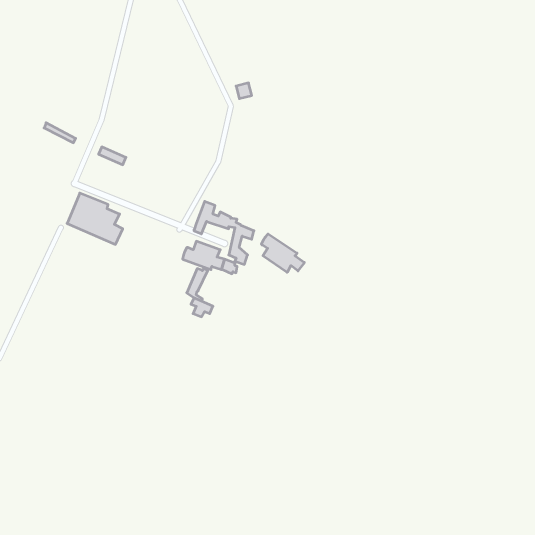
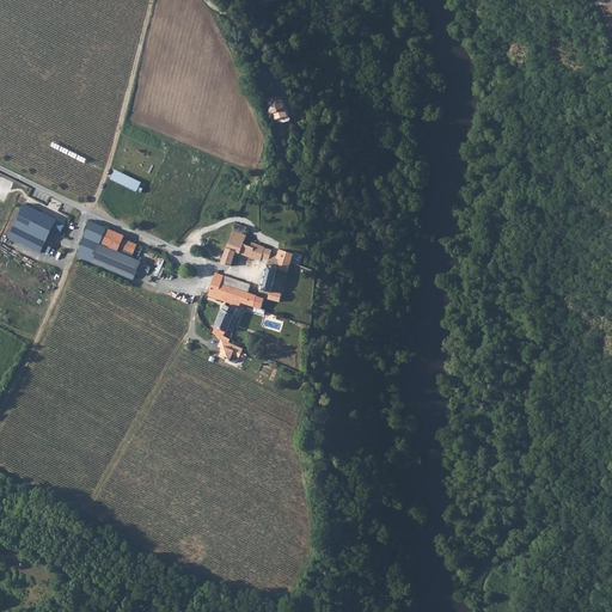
building: none -> [10,203,57,252]
building: [261,234,304,272] -> none

